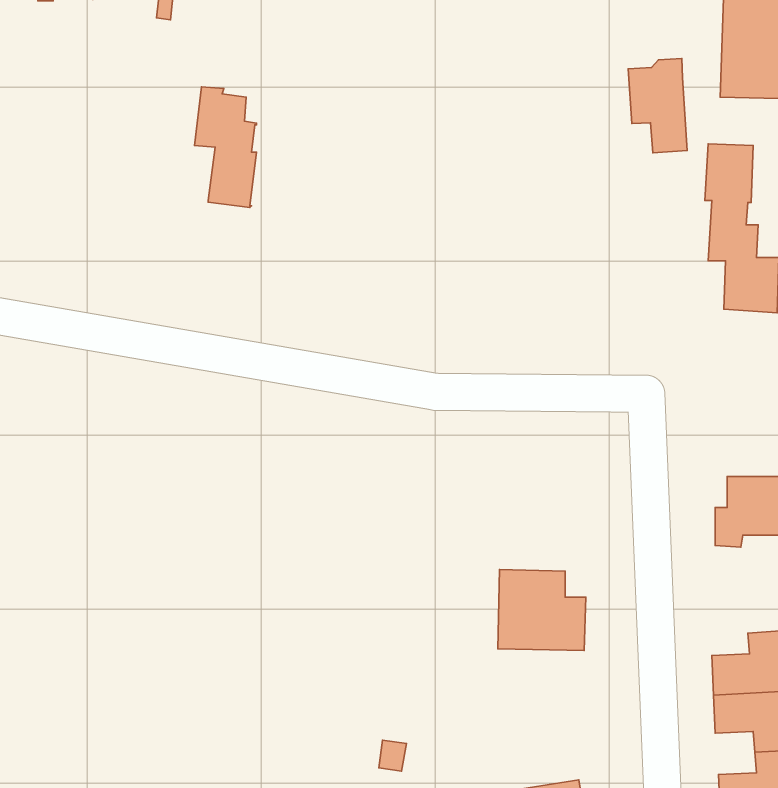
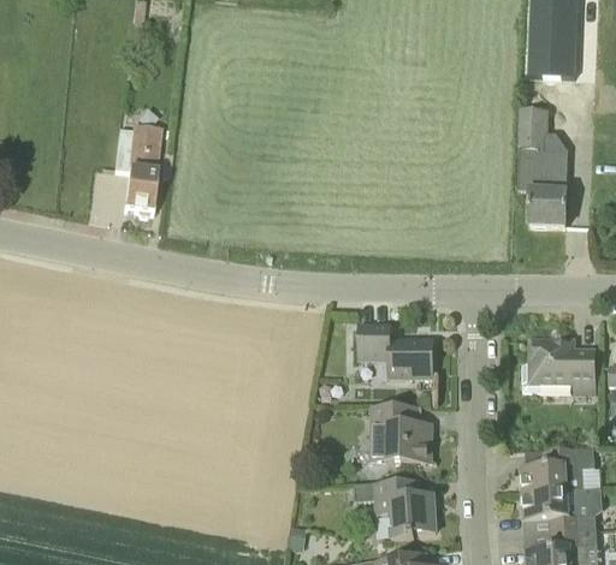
building: [628,59,687,153] -> none
building: [195,87,257,207] -> [116,129,159,213]
building: none -> [361,325,433,375]
building: none -> [360,478,437,537]

